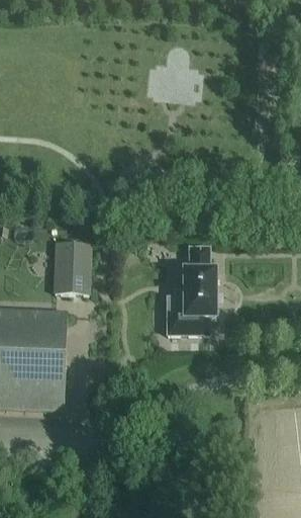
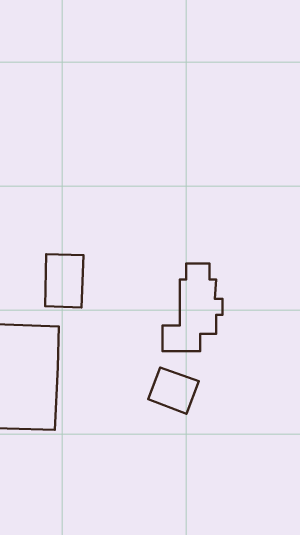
building: none -> [148,367,199,414]

